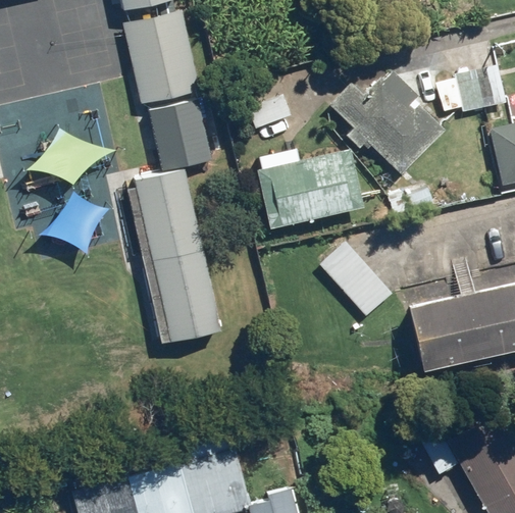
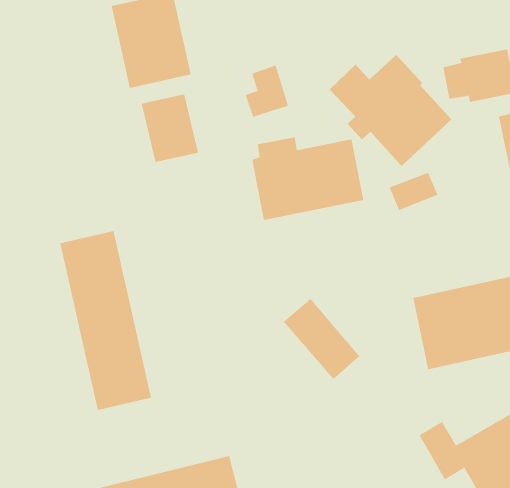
building: [132,171,219,343] -> [59,230,152,411]
building: [320,240,394,317] -> [283,298,360,380]

